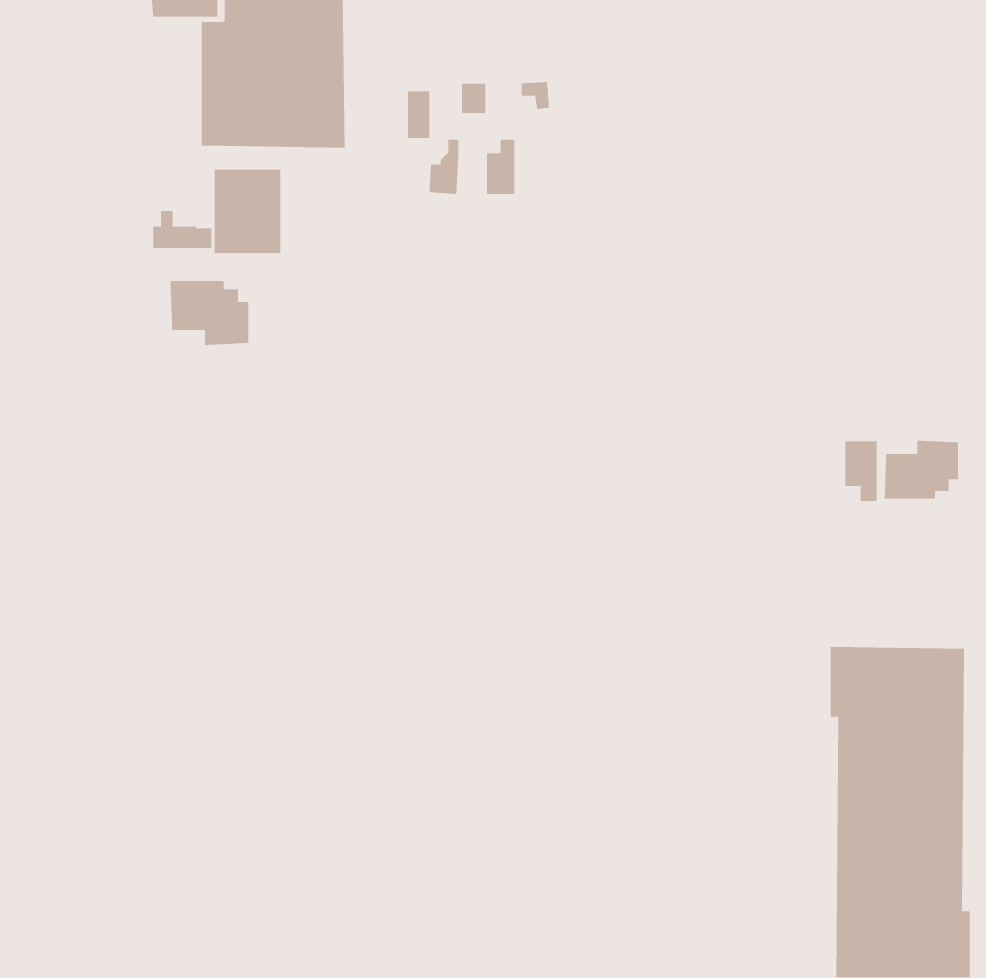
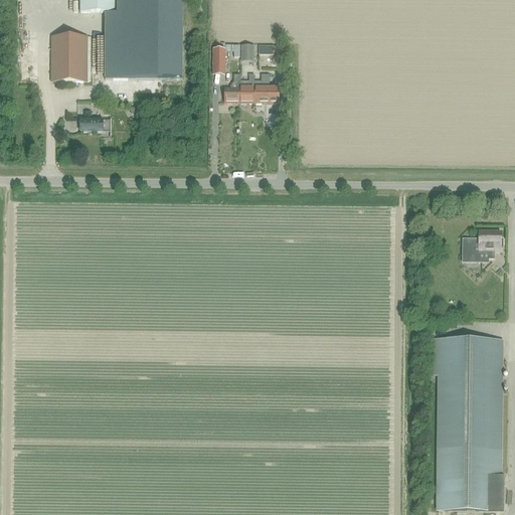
building: none -> [238,72,253,102]
building: [214,169,281,254] -> [51,35,87,79]
building: [170,280,249,346] -> none
building: [845,440,878,502] -> none

